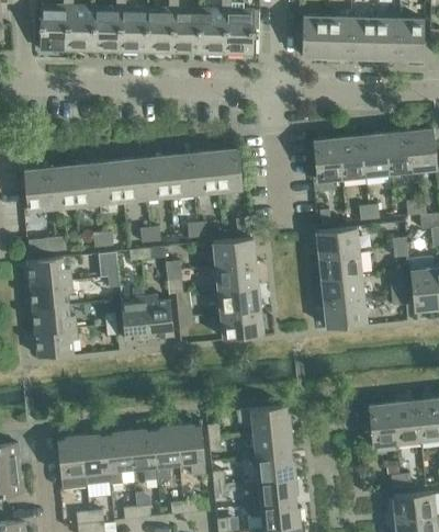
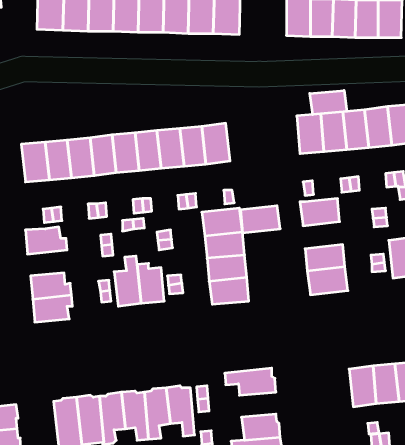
building: none -> [310,90,347,115]
building: [319,251,361,280] -> [241,206,280,233]
building: [30,281,72,308] -> none
building: [252,430,292,456] -> none

